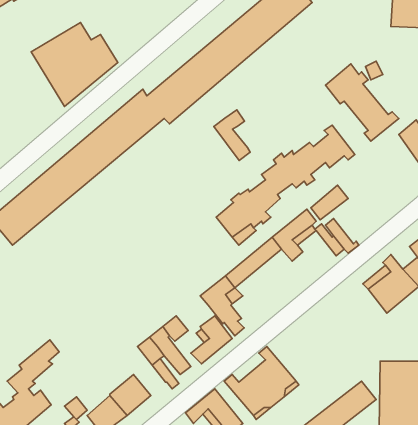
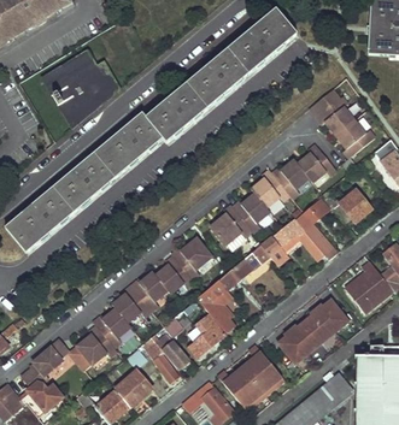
building: [214,110,250,161] -> none
building: none -> [331,189,371,225]
building: none -> [76,237,210,364]
building: none -> [278,300,347,364]

